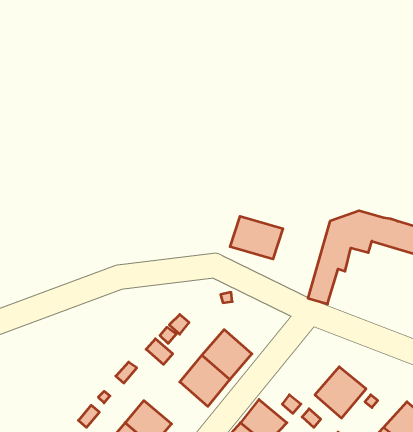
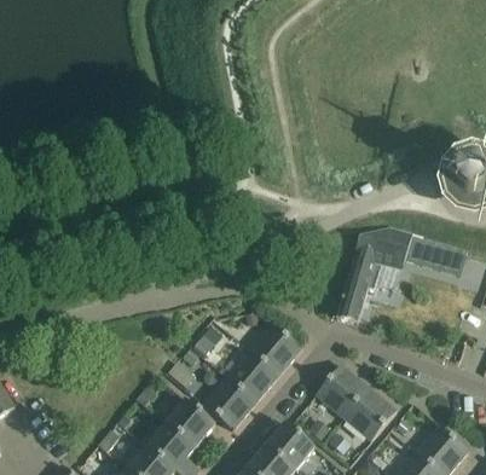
building: [230,216,283,259] -> none
building: none -> [249,324,301,377]
building: none -> [316,367,369,419]
building: none -> [166,401,214,450]

